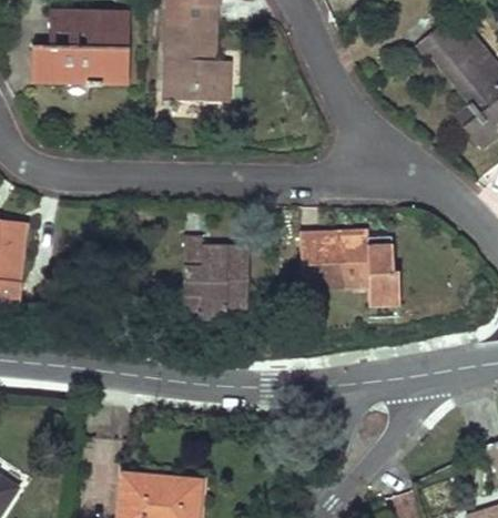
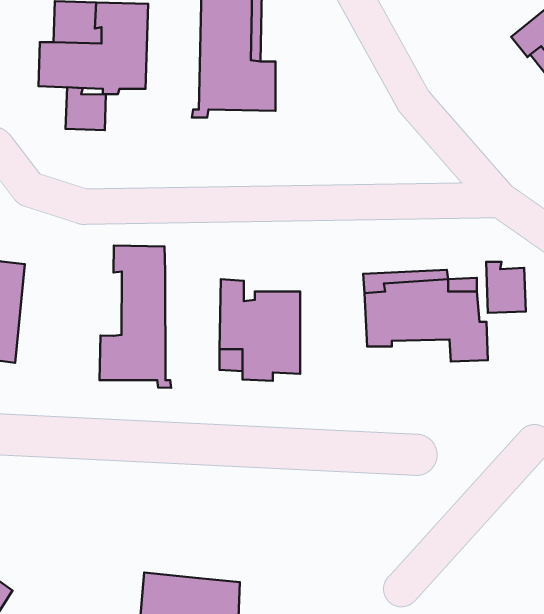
building: none -> [66,87,106,130]
building: none -> [100,245,171,388]
building: none -> [486,262,526,313]

